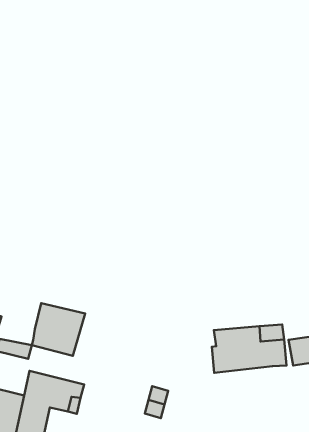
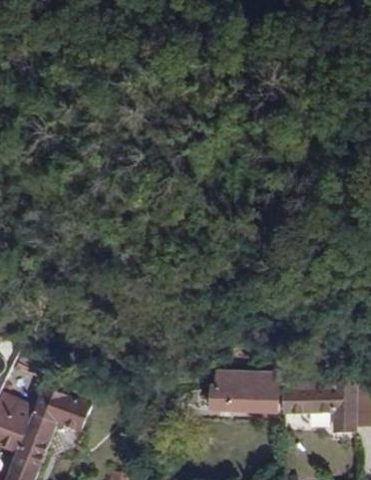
building: [32,303,85,356] -> none

